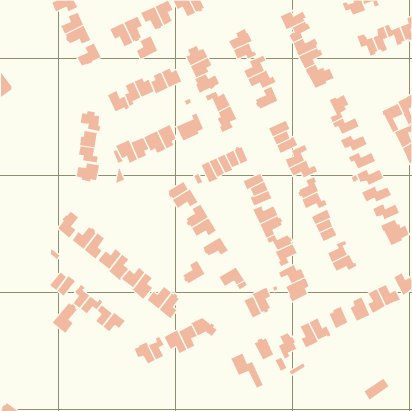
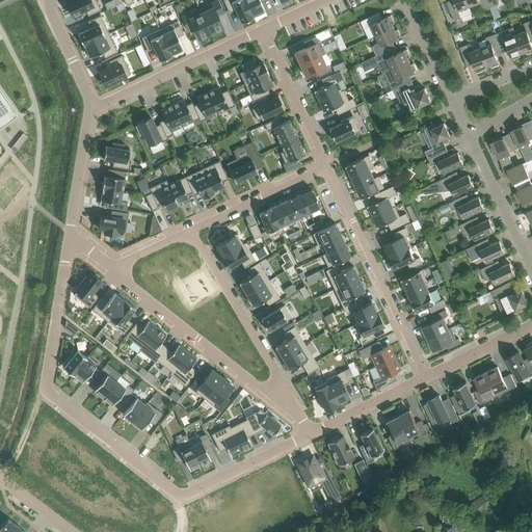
building: [136,35,158,60] -> none
building: [182,260,205,284] -> [274,327,304,358]
building: [52,302,78,334] -> none

